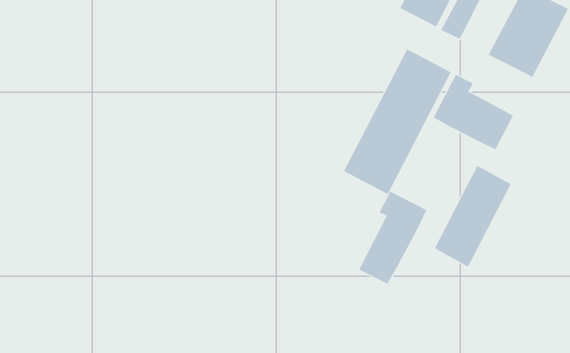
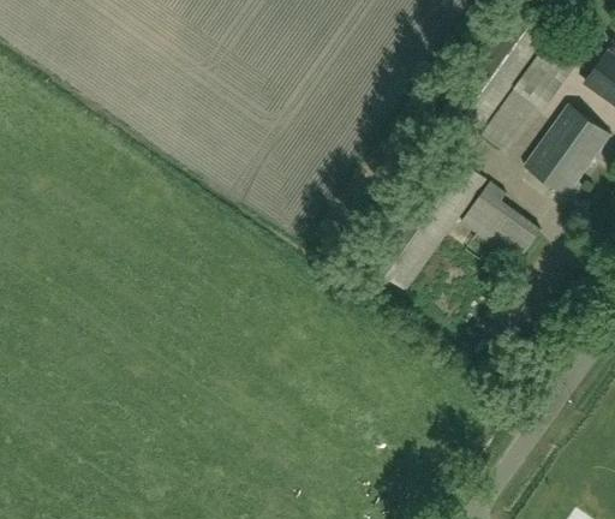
building: [434,165,511,267] -> none
building: [358,191,427,285] -> none

